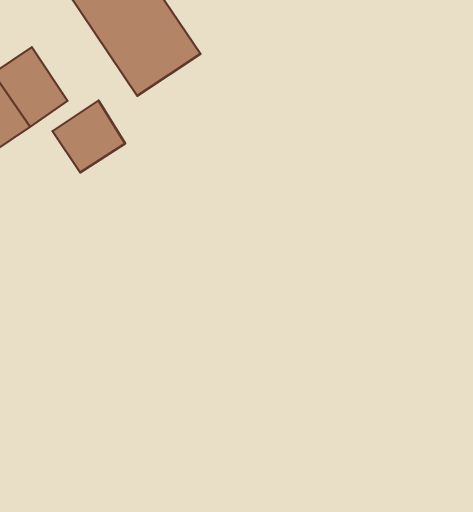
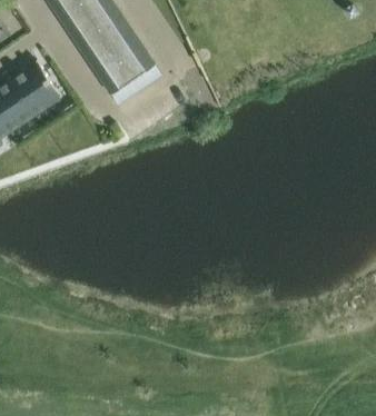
building: [53,101,125,173] -> none

